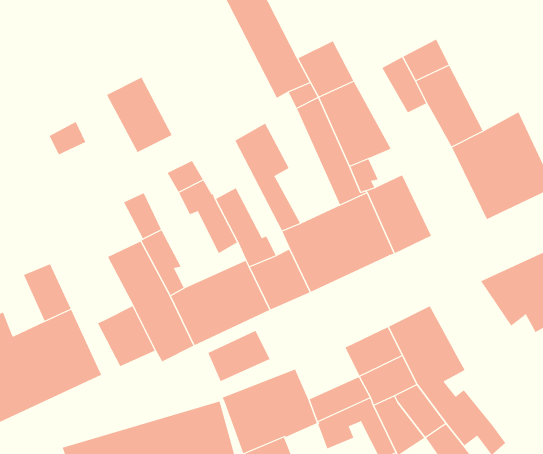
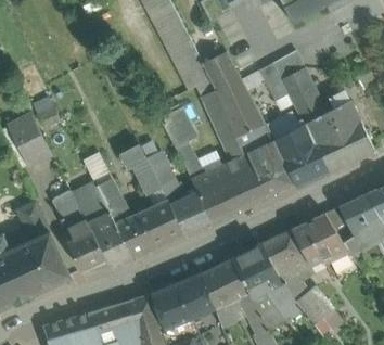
building: [106,77,173,153] -> [8,114,52,165]
building: none -> [274,123,329,187]
building: none -> [53,190,91,239]
building: none -> [291,213,350,265]
building: [207,330,270,382] -> [201,257,243,292]

